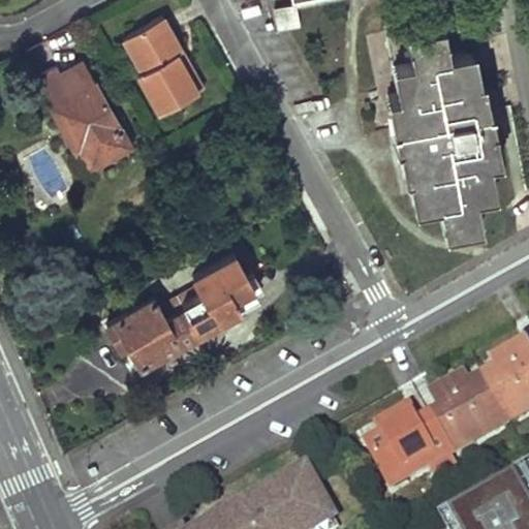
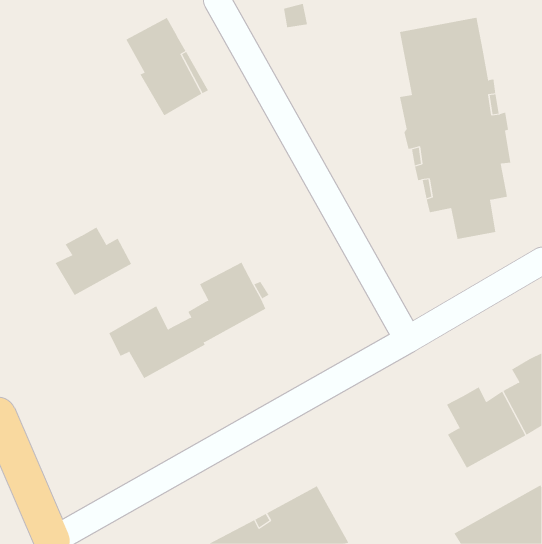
building: [38,61,129,168] -> none
building: none -> [55,226,132,296]
building: [371,406,453,488] -> none

